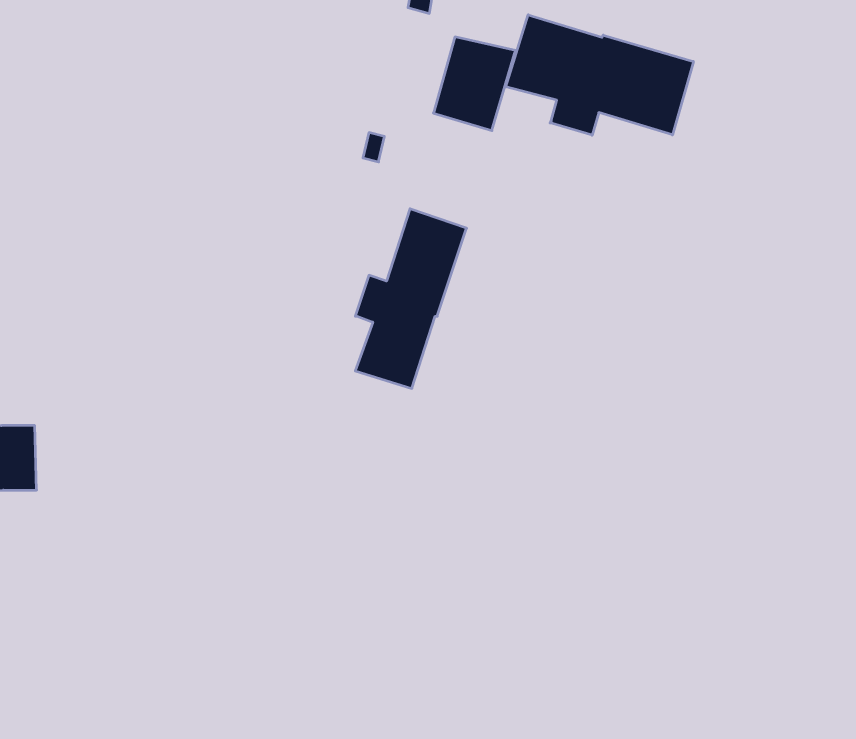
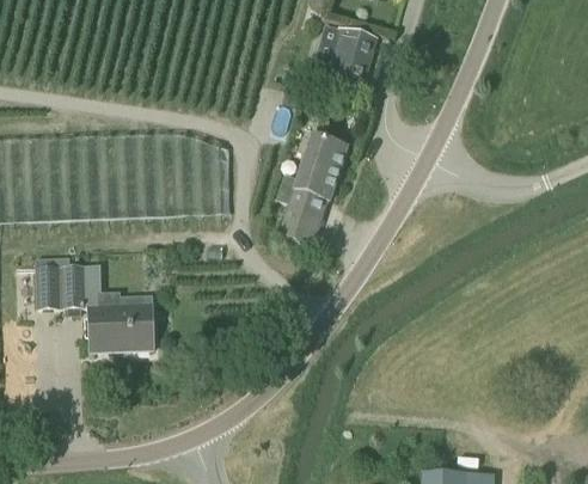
building: [506,15,693,135] -> none
building: none -> [88,293,152,349]

